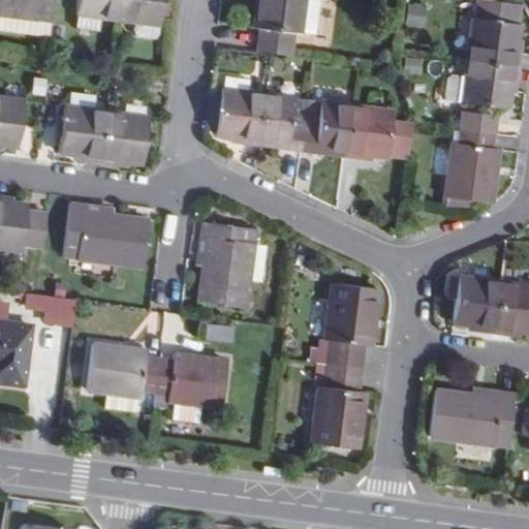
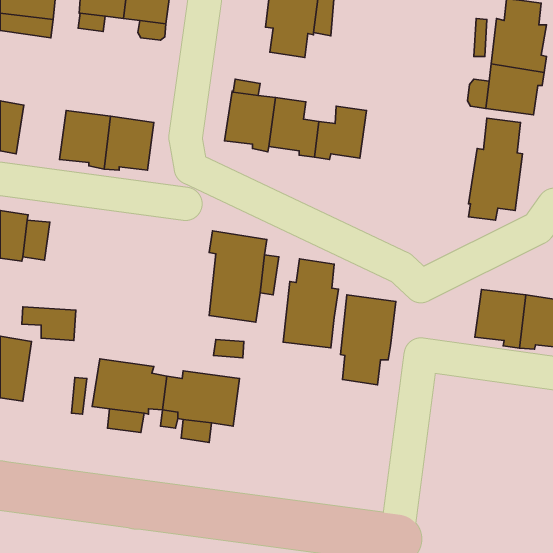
building: [343,105,413,157] -> none
building: [64,201,148,267] -> none
building: [312,362,365,446] -> [283,259,338,348]
building: [430,388,515,444] -> none

